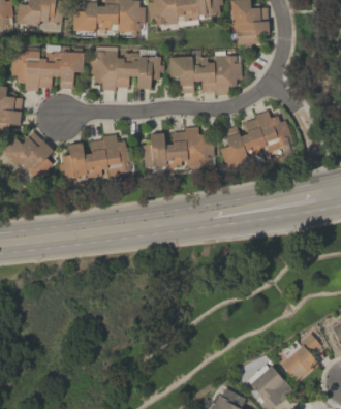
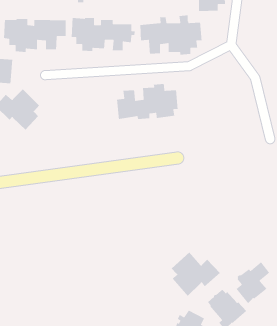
building: [219,109,293,166] -> none
building: [58,133,133,179] -> none
building: none -> [171,251,221,297]

